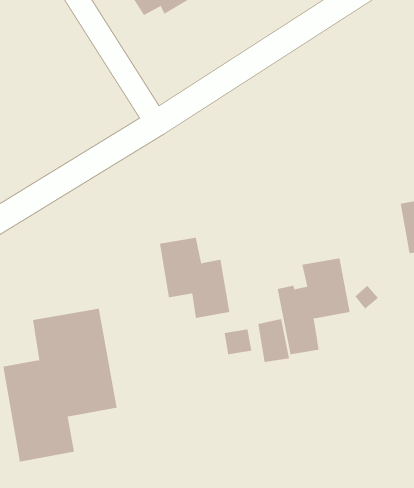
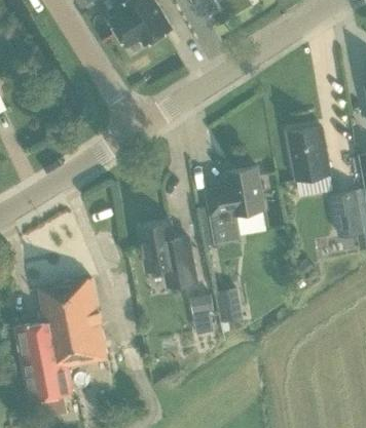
building: none -> [289,127,330,181]
building: [277,258,351,355] -> [207,167,265,244]

